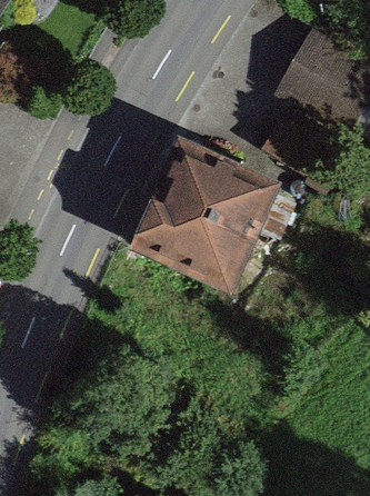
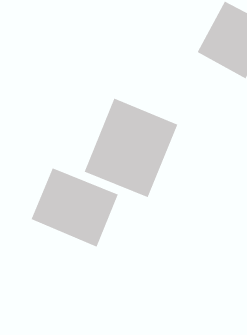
building: none -> [31,167,118,247]

